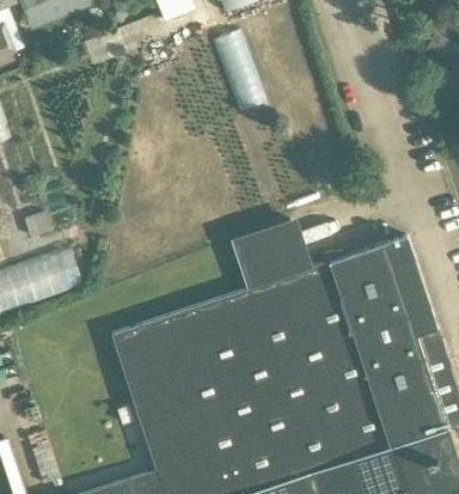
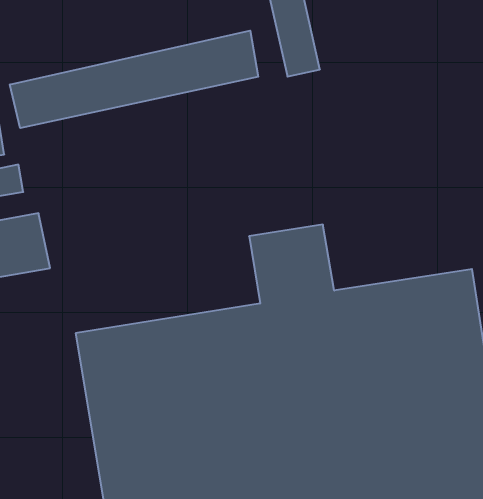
building: none -> [10,31,258,128]

